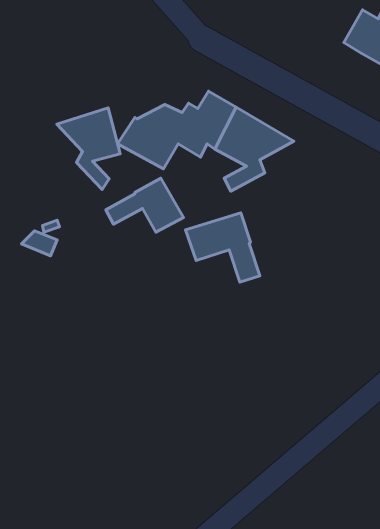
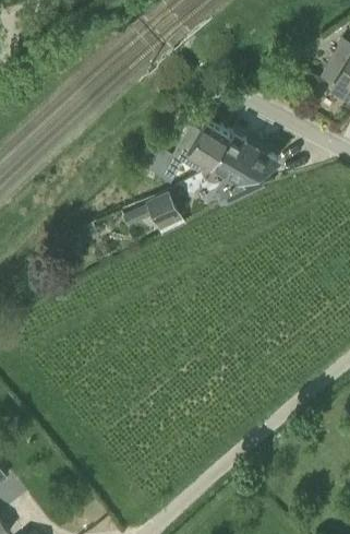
building: [57,108,120,190] -> none
building: [186,213,260,282] -> none

